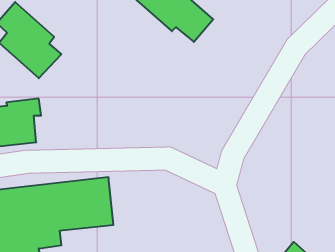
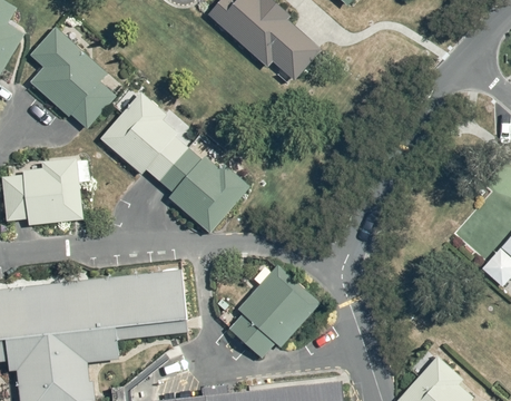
building: none -> [98,92,250,234]
building: none -> [227,265,321,361]

